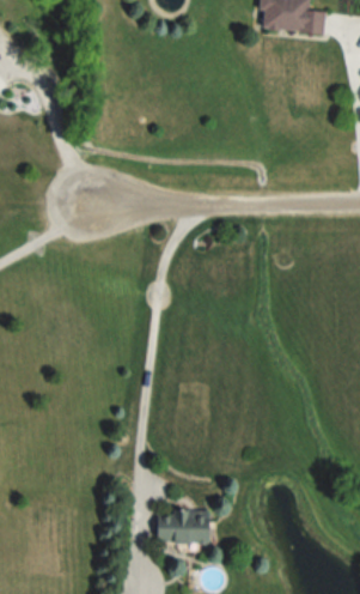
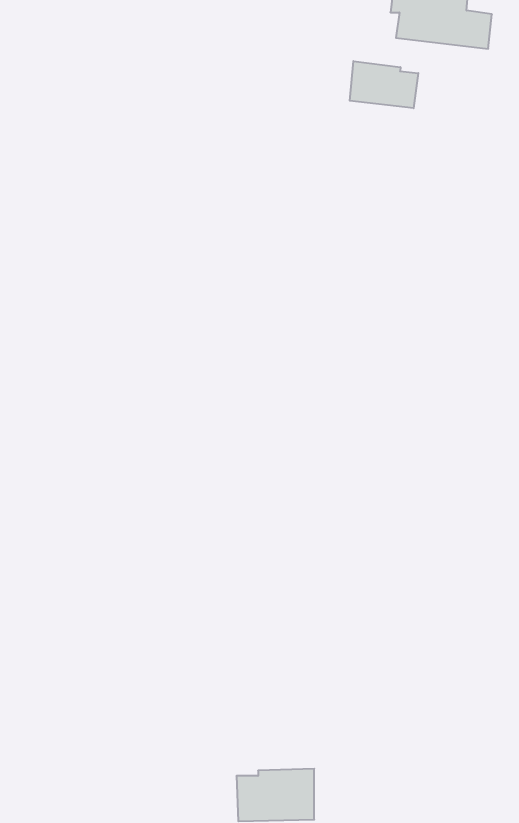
building: none -> [350,61,418,108]

